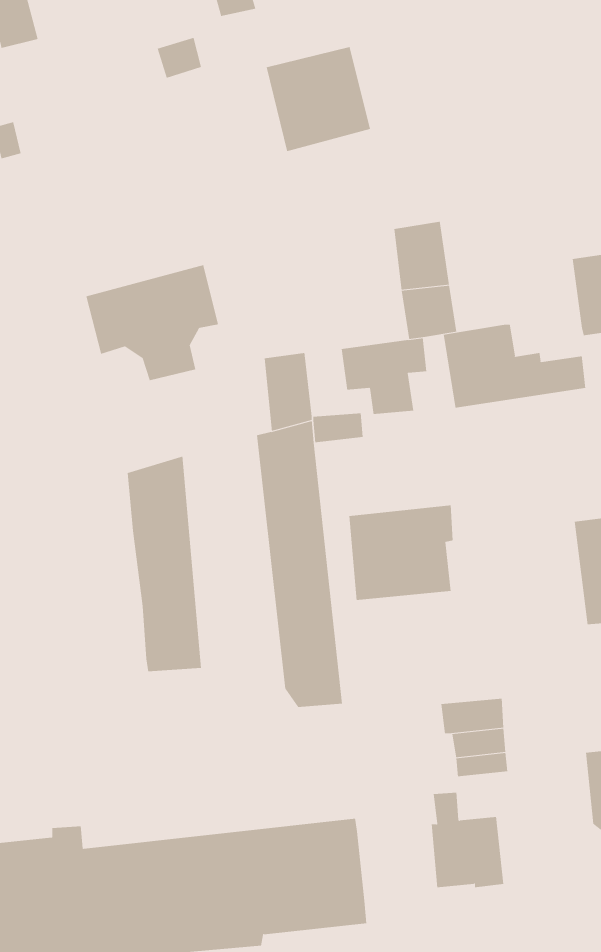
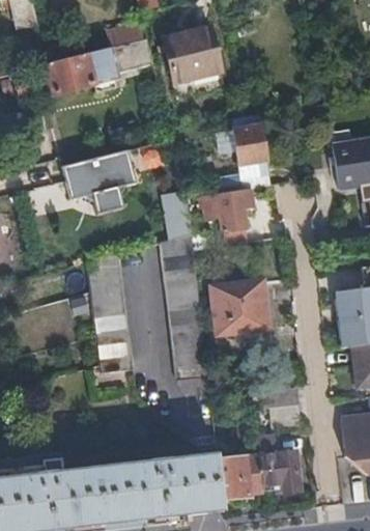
building: none -> [46,37,153,92]
building: [443,324,586,409] -> none
building: none -> [214,456,257,499]

